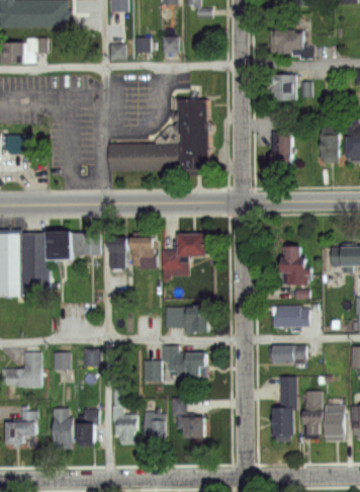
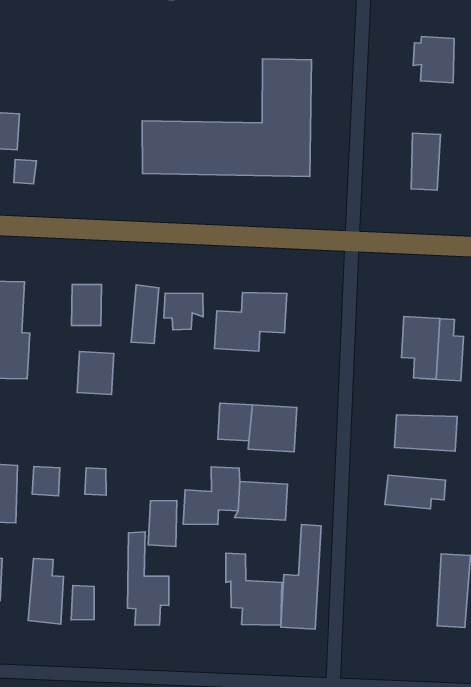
building: [44,241,66,266] -> [77,352,114,395]
building: [273,378,294,441] -> [281,525,321,629]
building: [147,409,164,437] -> [148,501,177,547]

